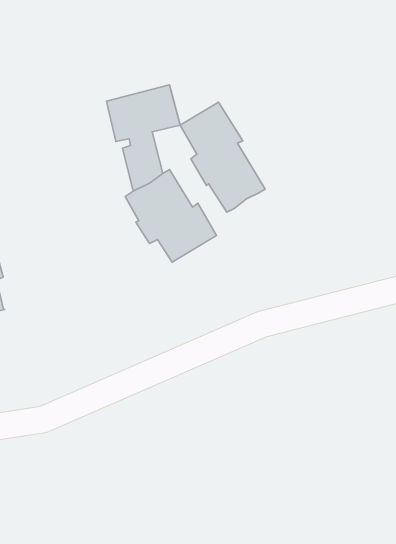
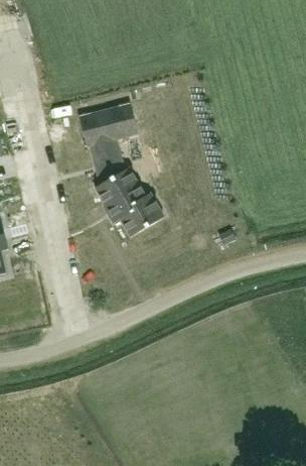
building: [180,102,265,212] -> none

